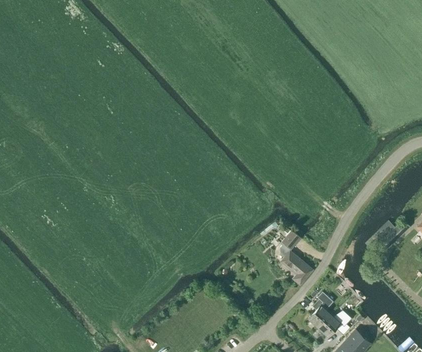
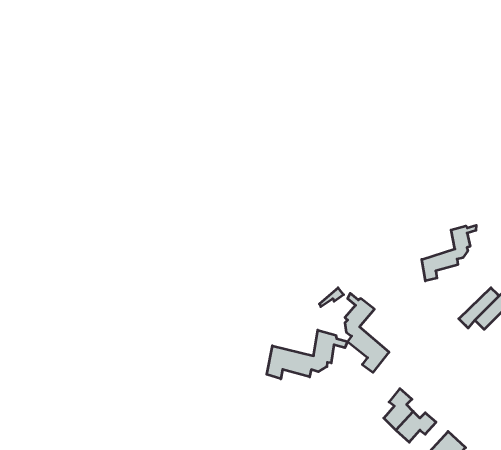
building: none -> [422,225,476,281]
building: none -> [267,330,348,379]

